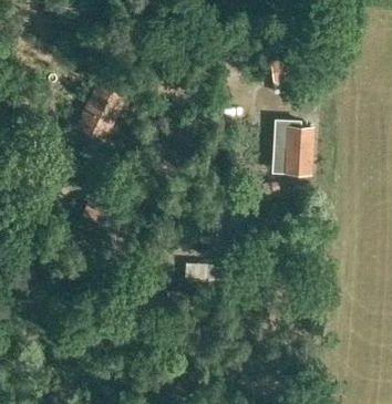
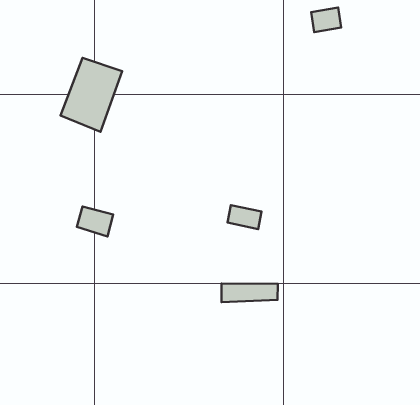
building: [279,126,310,176] -> none

